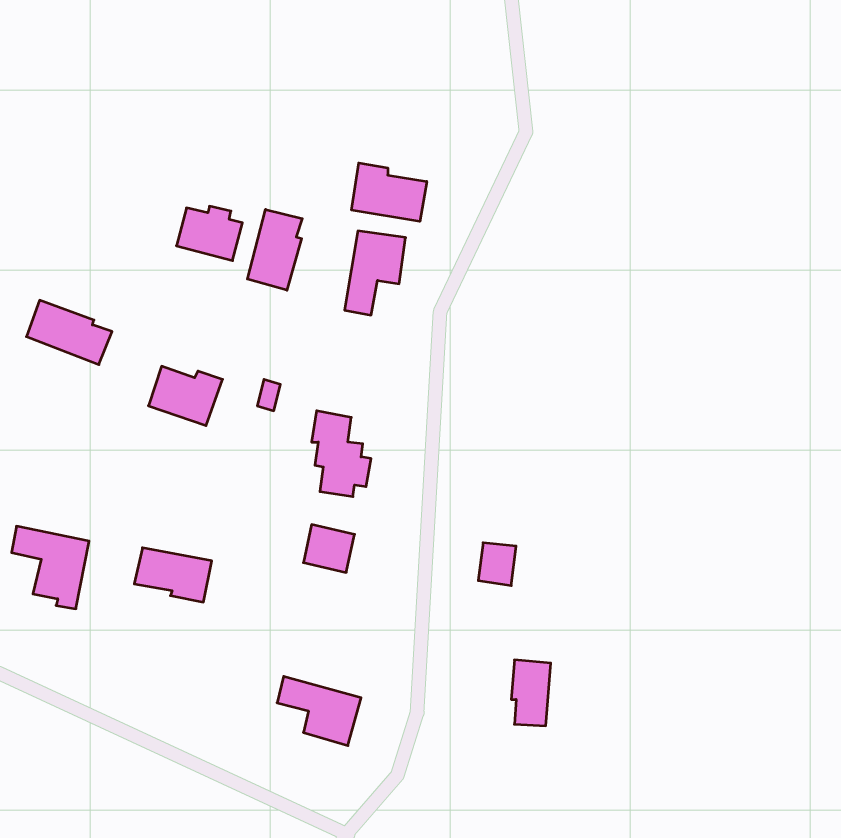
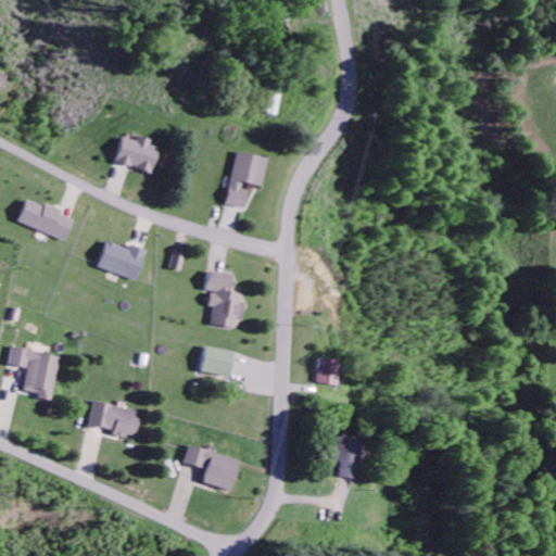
building: [352,163,427,221] -> none
building: [247,209,302,290] -> none
building: [134,548,212,602] -> [87,402,138,438]

